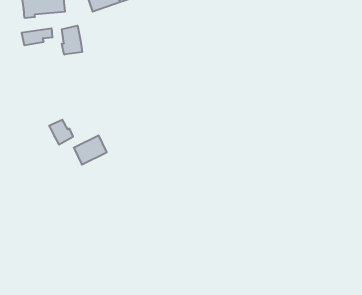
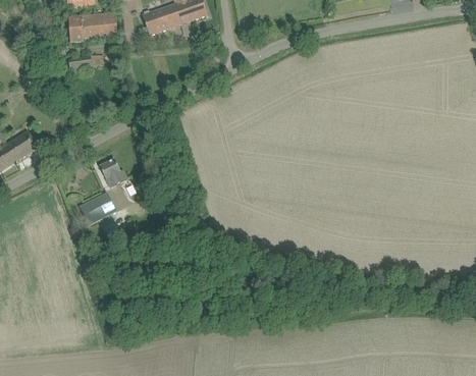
building: [62,26,82,55] -> none
building: [74,135,107,165] -> [78,192,116,225]

